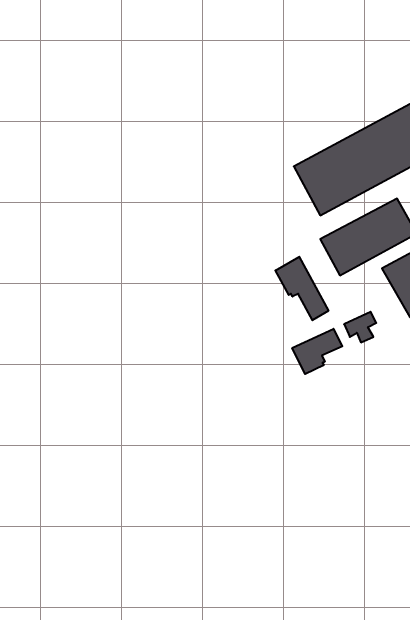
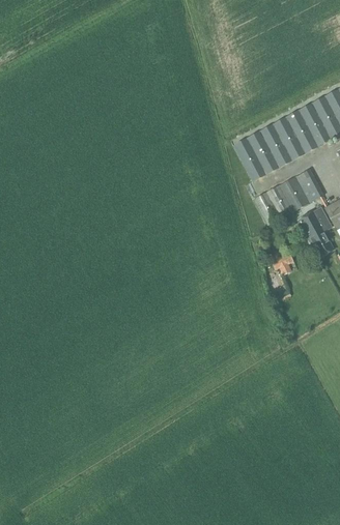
building: [275,257,328,320] -> none
building: [292,329,342,374] -> none

